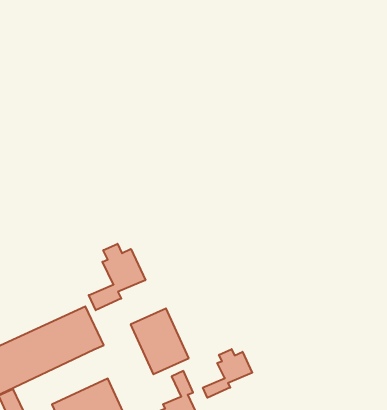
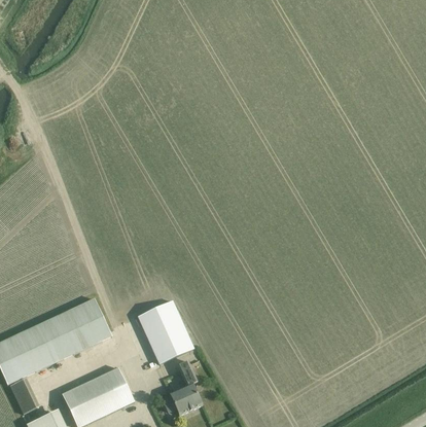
building: [89,244,145,310] -> none
building: [203,349,252,398] -> none

